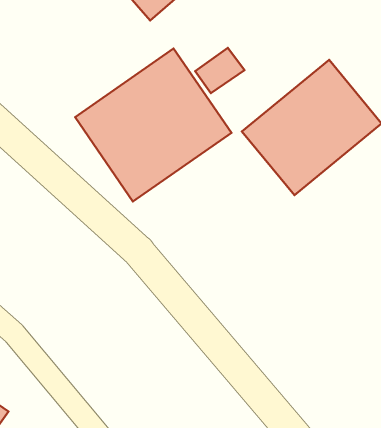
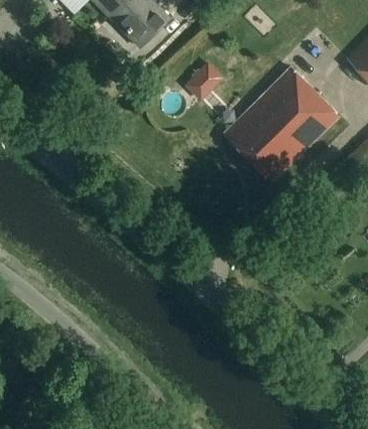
building: [75,49,231,201] -> none

